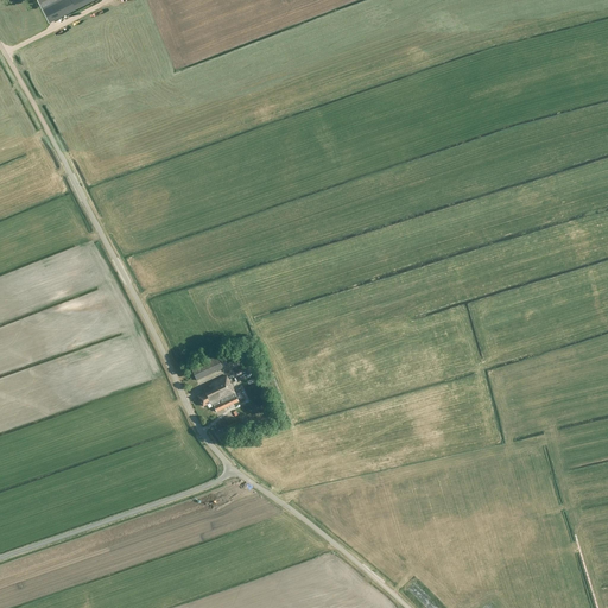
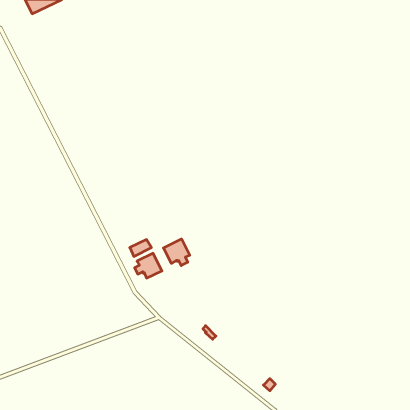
building: none -> [163,239,190,266]

